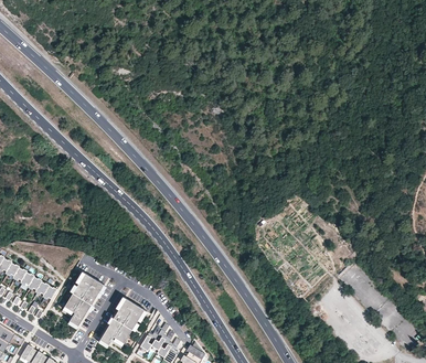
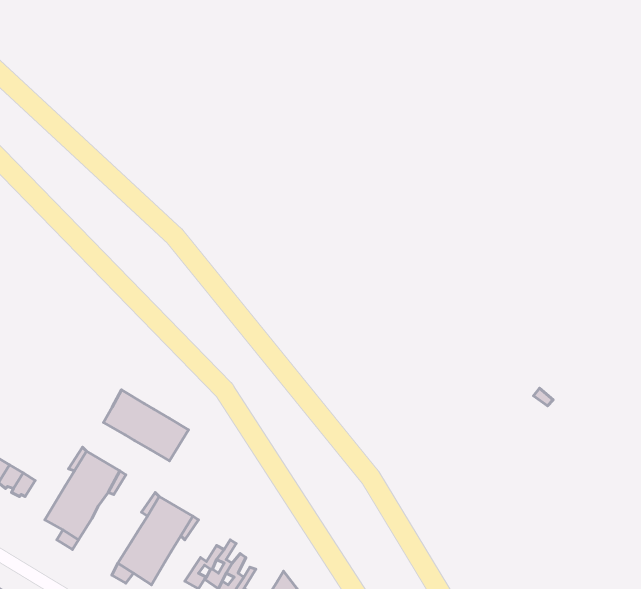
building: none -> [103,390,188,461]

